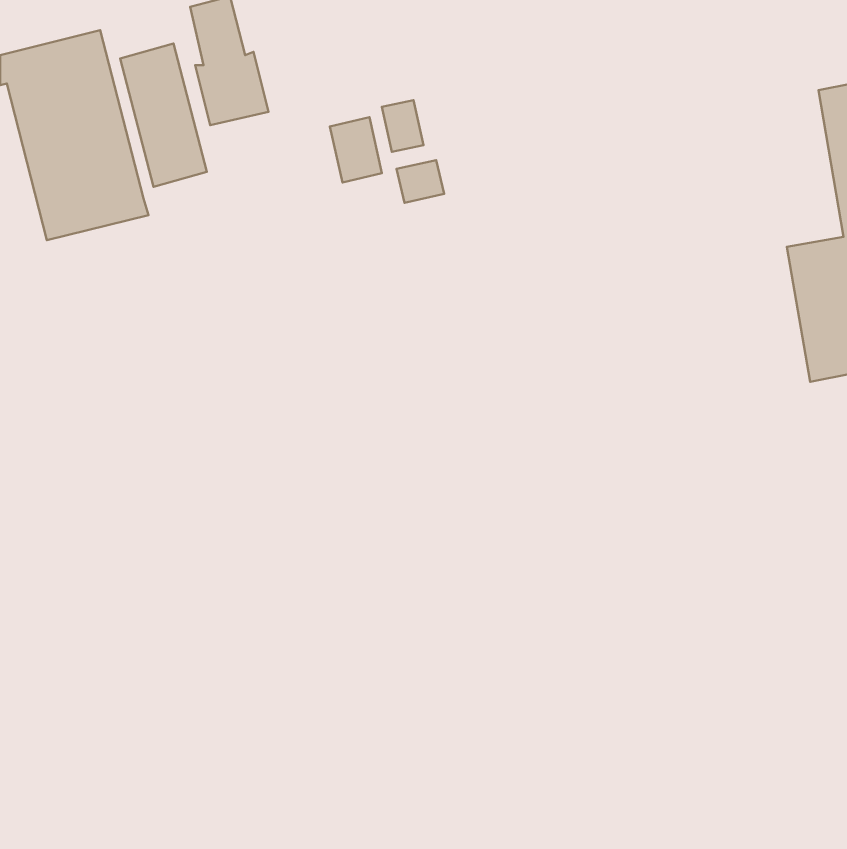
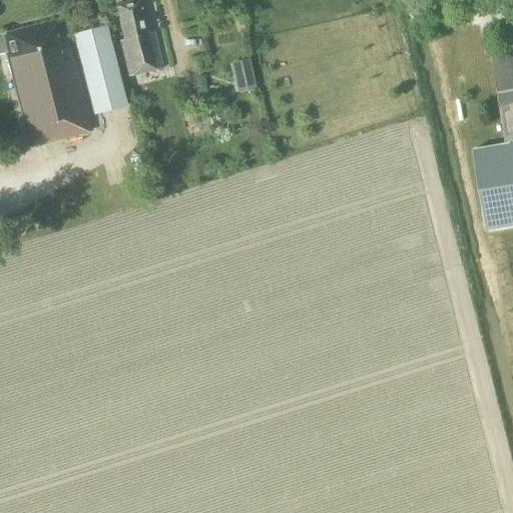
building: [330,117,382,182] -> none
building: [397,160,444,203] -> none

